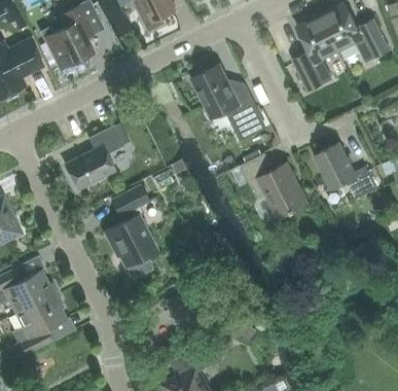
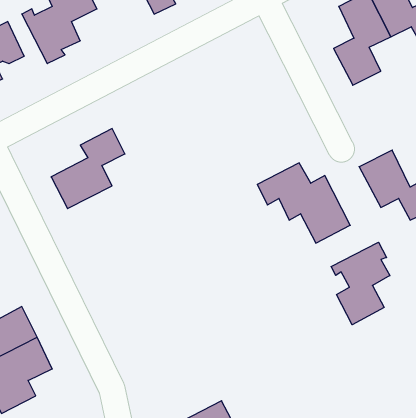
building: [192,65,260,128] -> none
building: [104,185,157,278] -> none
building: none -> [331,242,390,325]

